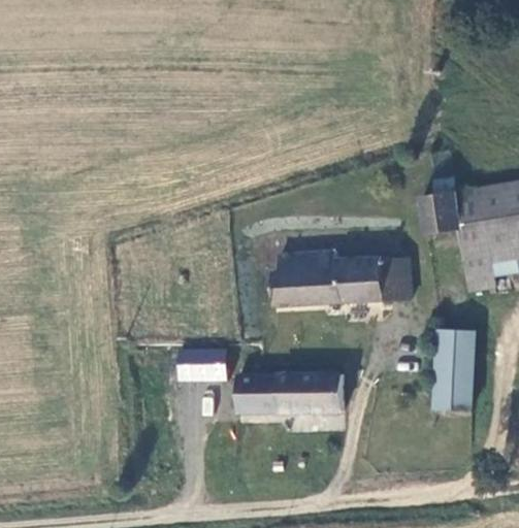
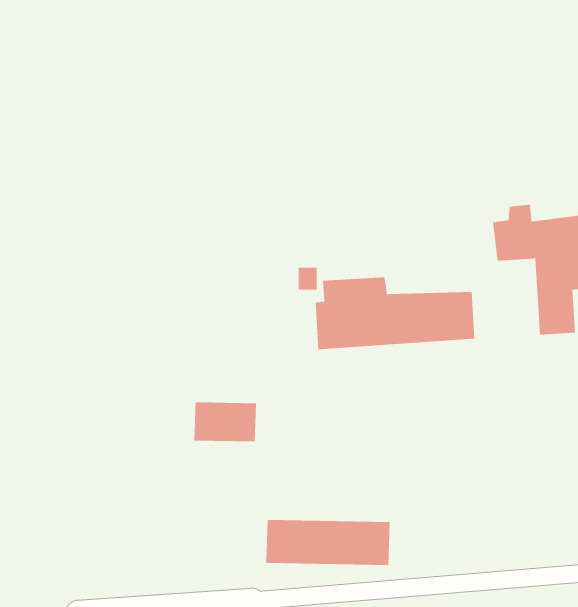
building: [433,333,480,409] -> none
building: [239,373,346,412] -> [266,519,390,565]

